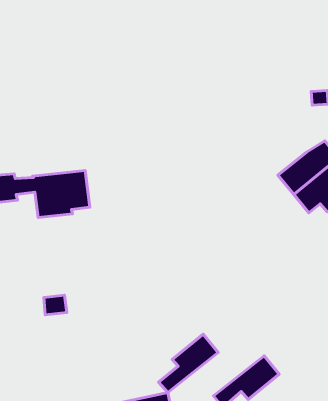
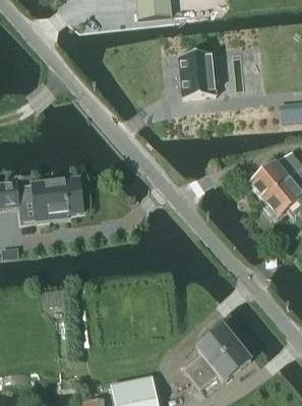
building: none -> [178,52,216,97]
building: [159,334,218,393] -> [184,326,237,378]

